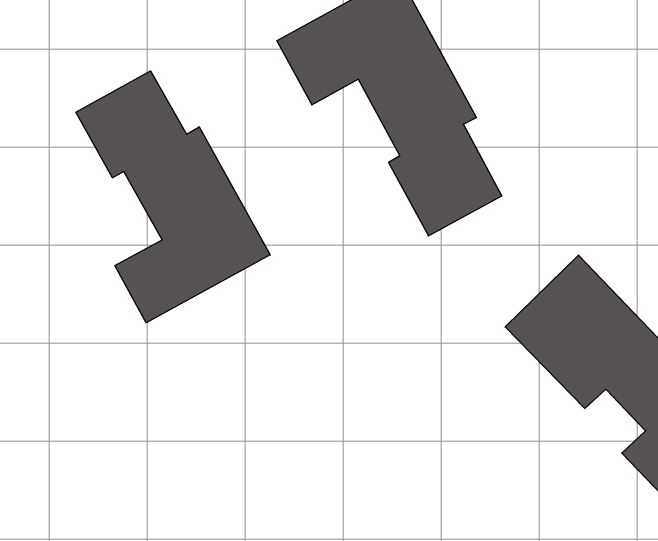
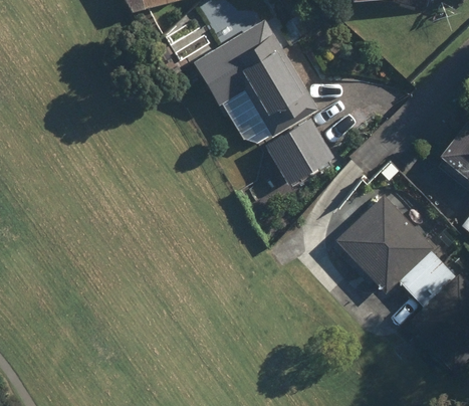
building: [76,71,270,323] -> none

